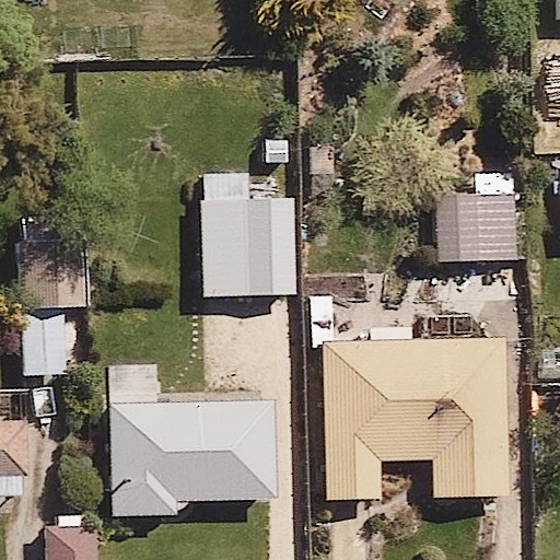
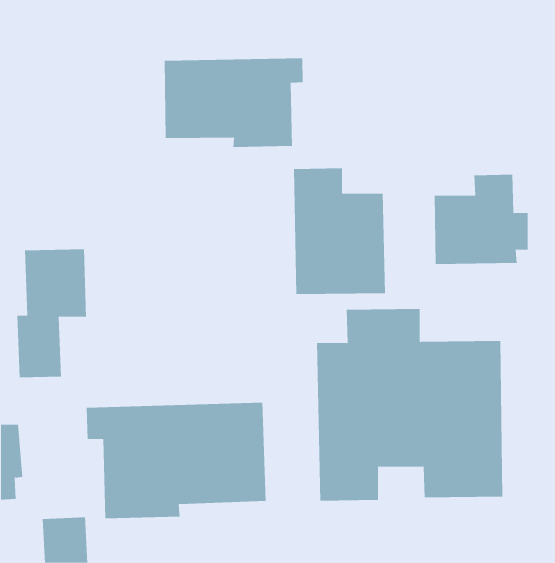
building: none -> [164,58,303,148]
building: [202,172,294,298] -> [293,168,386,294]

